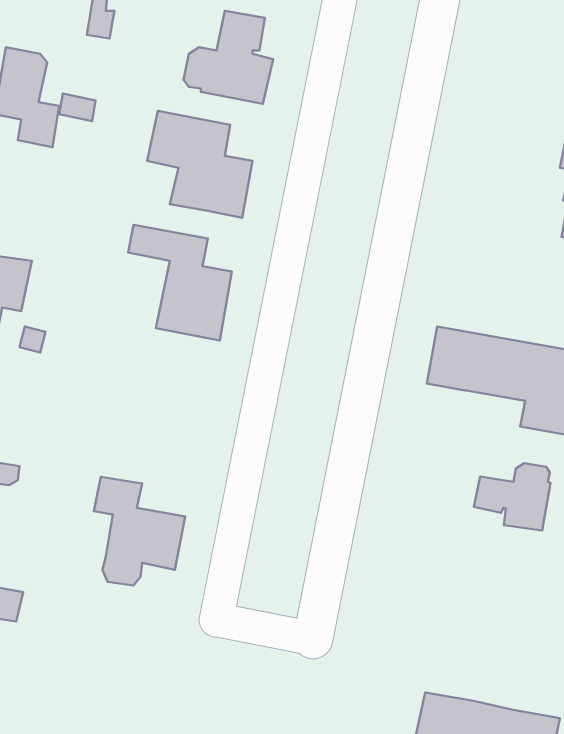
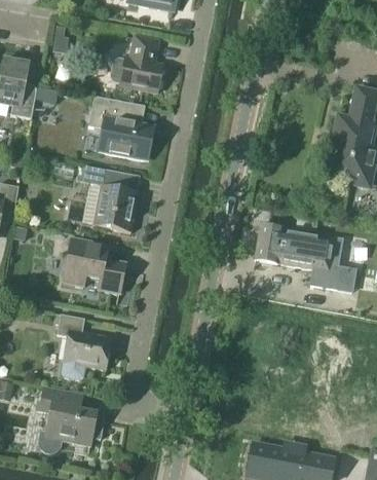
building: none -> [64,237,125,293]
building: [474,463,550,531] -> none
building: none -> [39,386,104,453]

